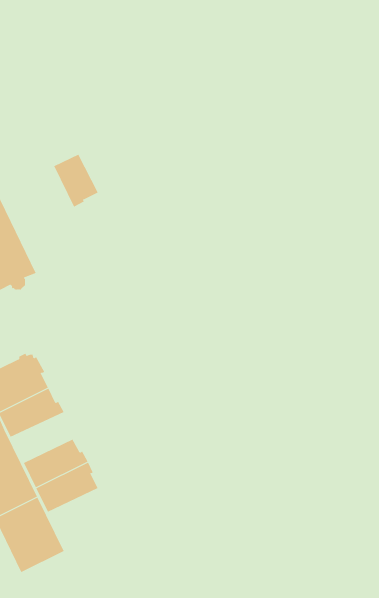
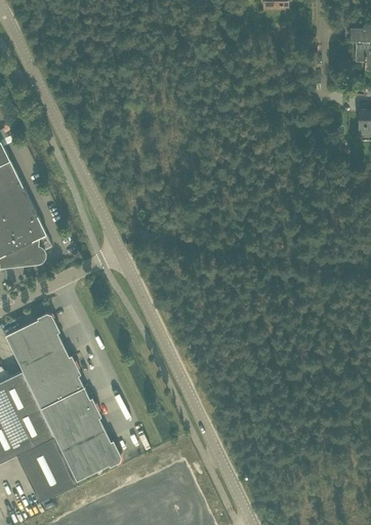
building: [54,154,99,208] -> none
building: none -> [30,365,83,408]
building: none -> [61,430,119,481]

